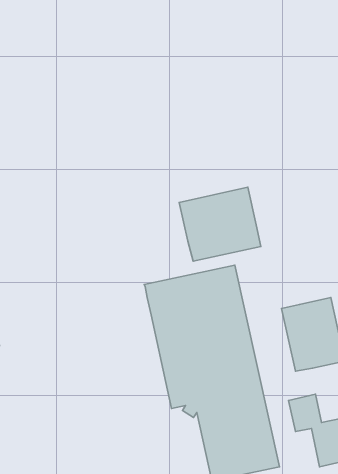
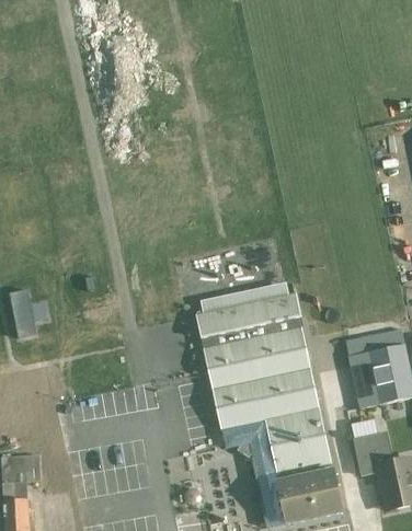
building: [179,187,261,261] -> none

